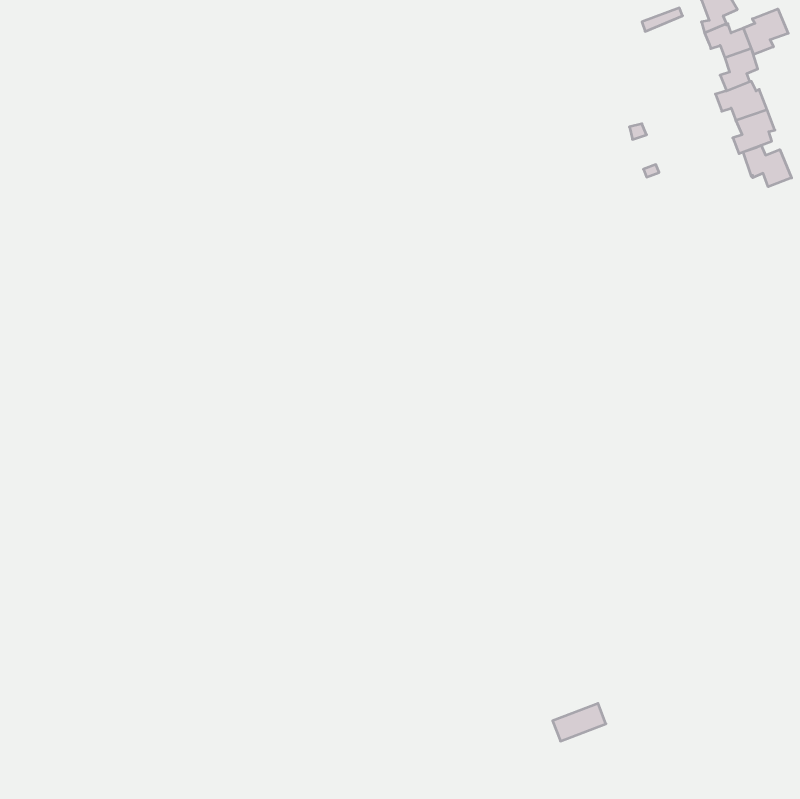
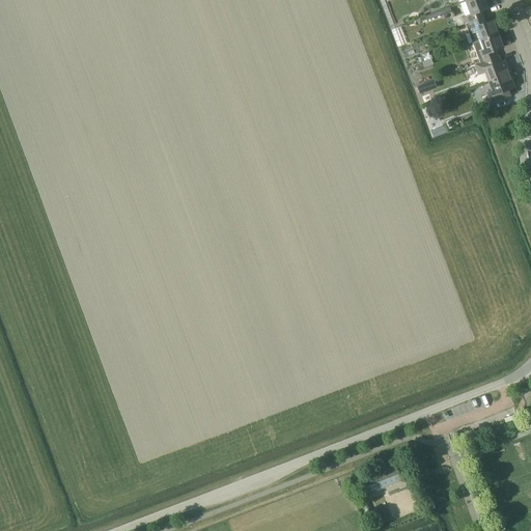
building: [744,9,788,54] -> none
building: [743,145,792,187] -> none

